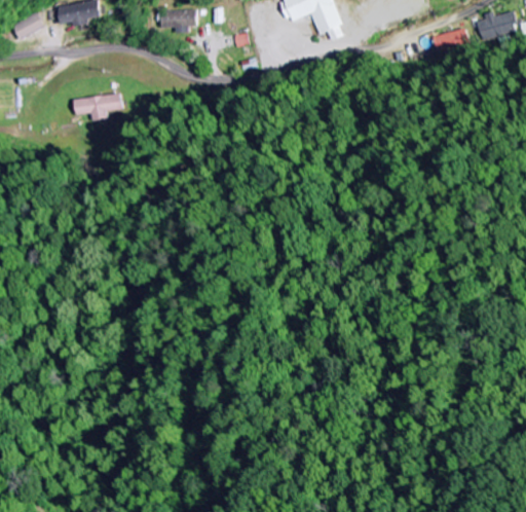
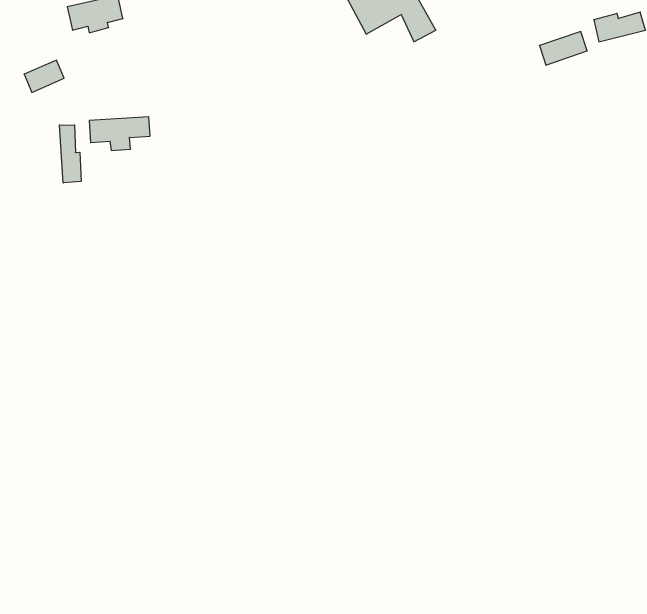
building: [159,10,195,31] -> none
building: [10,13,42,39] -> [24,60,64,92]
building: none -> [59,125,81,183]

